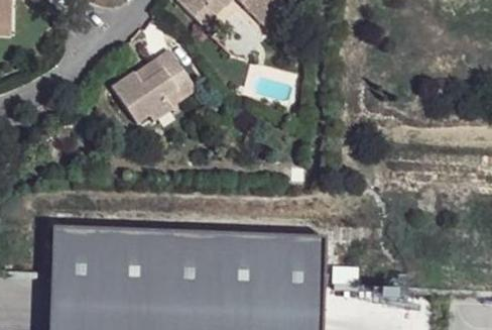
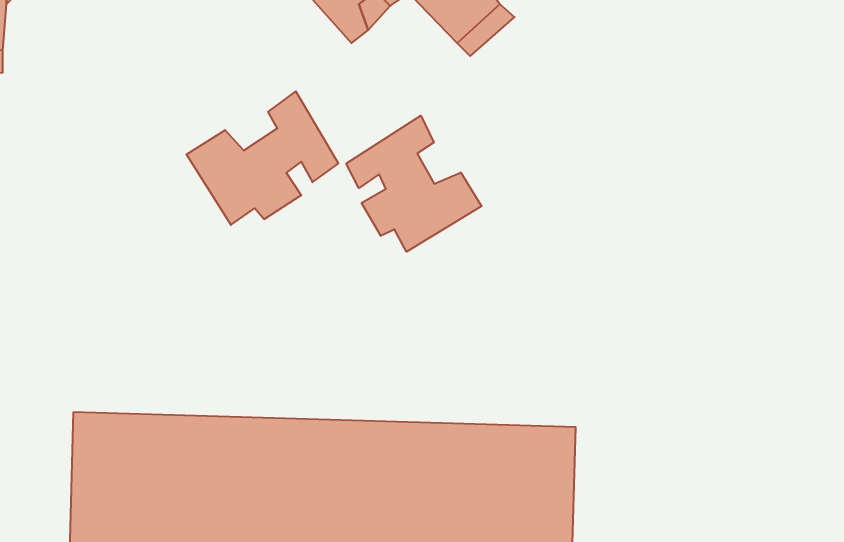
building: none -> [346,116,482,252]

